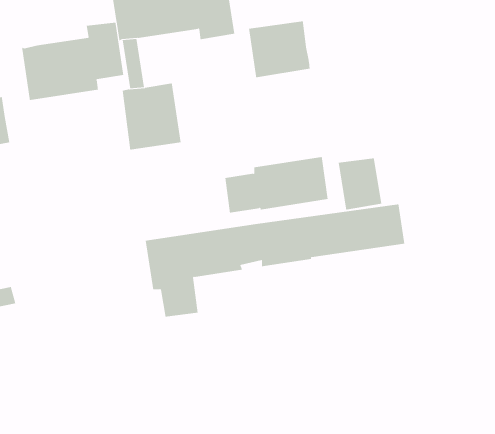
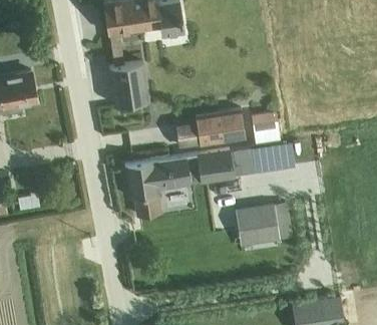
building: [248,20,310,78] -> none
building: [22,22,124,101] -> none
building: none -> [236,204,280,246]

